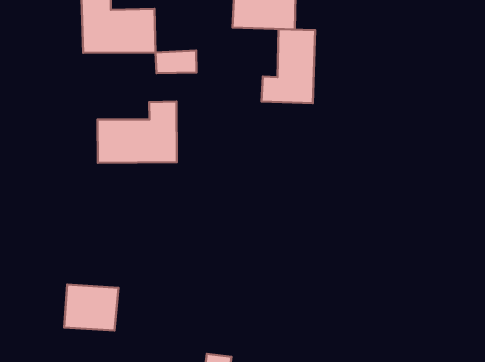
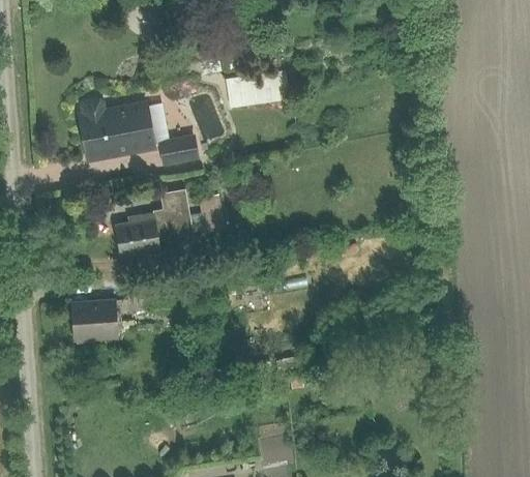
building: [262,29,315,103] -> none
building: [64,285,119,331] -> [69,298,122,345]

